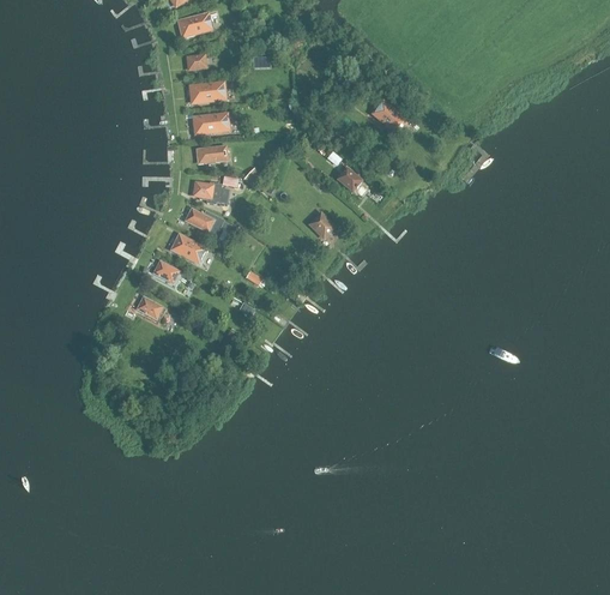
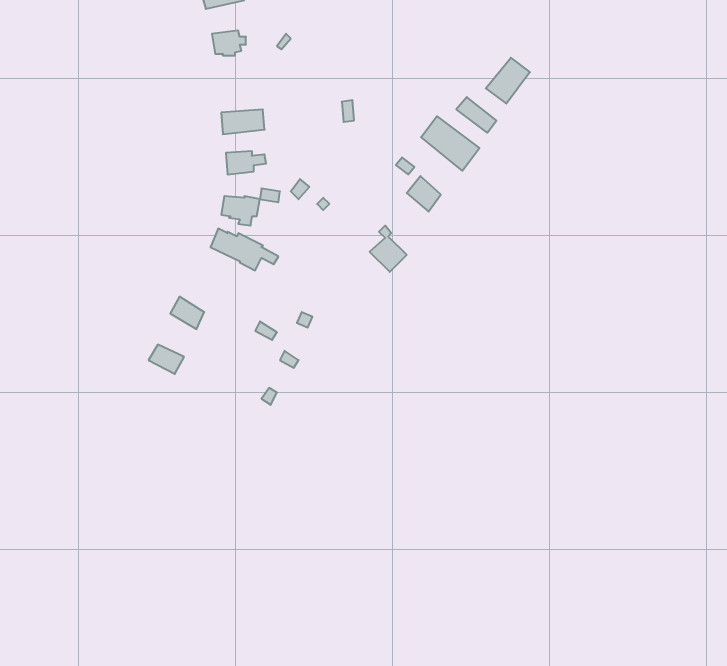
building: none -> [486,58,530,104]
building: [191,84,224,103] -> none
building: none -> [421,116,479,171]
building: [168,232,203,260] -> none

